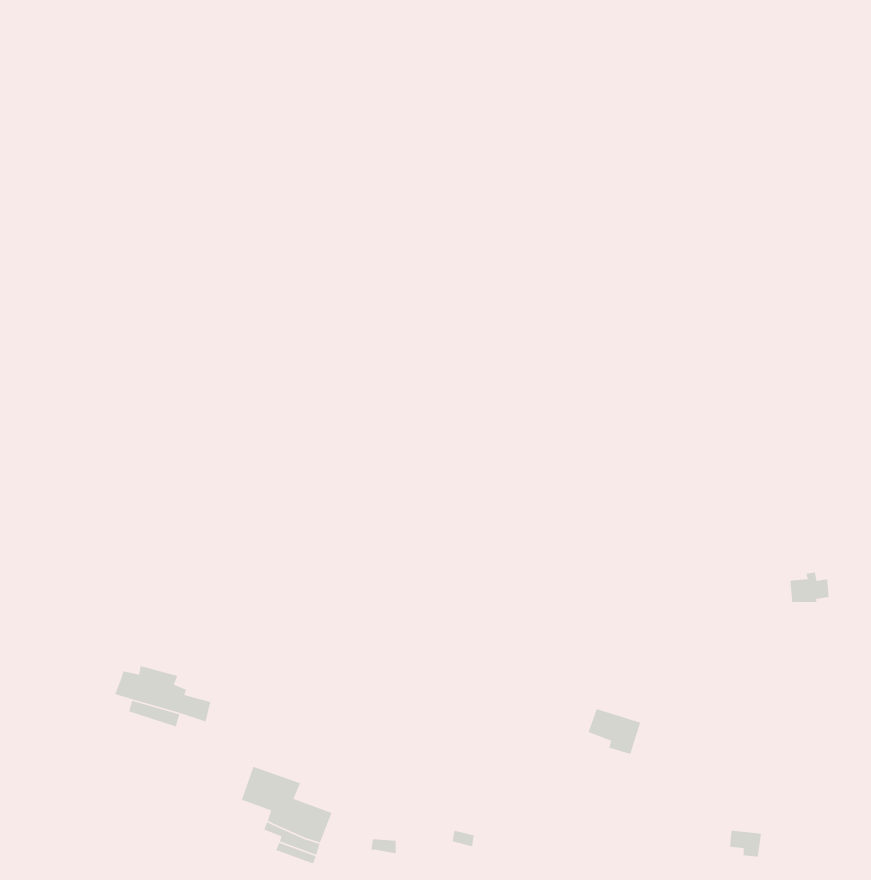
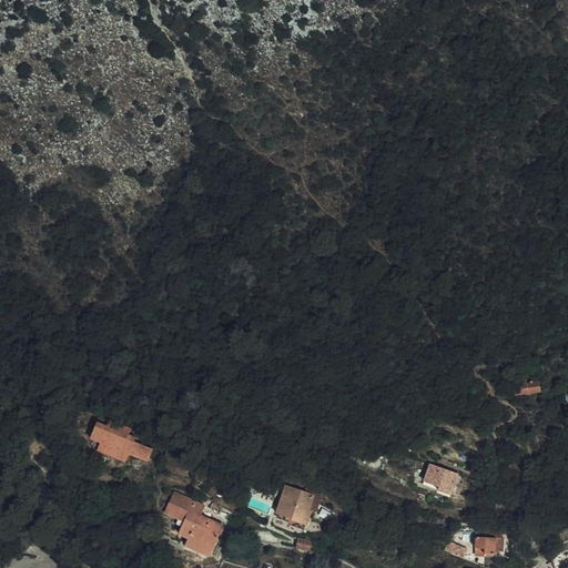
building: [588,708,641,755] -> [424,462,458,491]
building: none -> [278,483,315,521]

